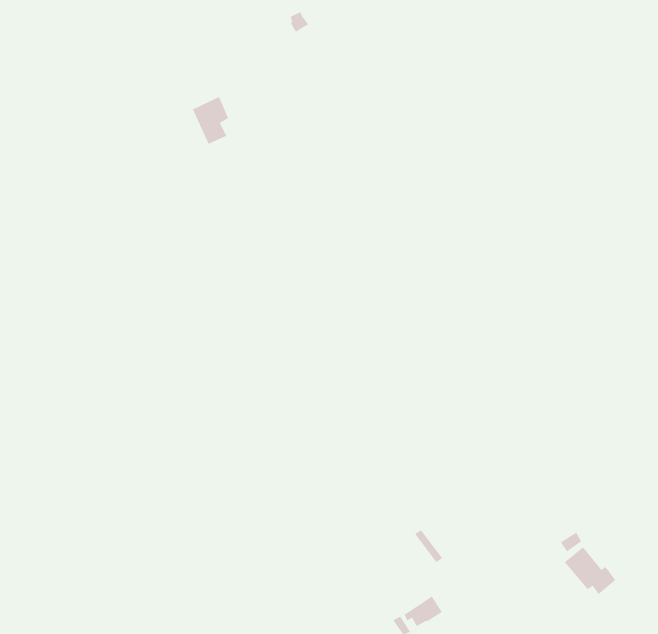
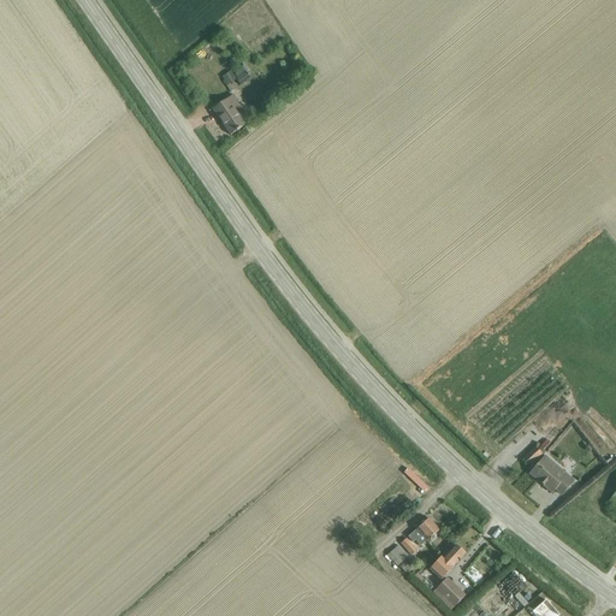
building: [192,96,229,145] -> [213,94,245,135]

